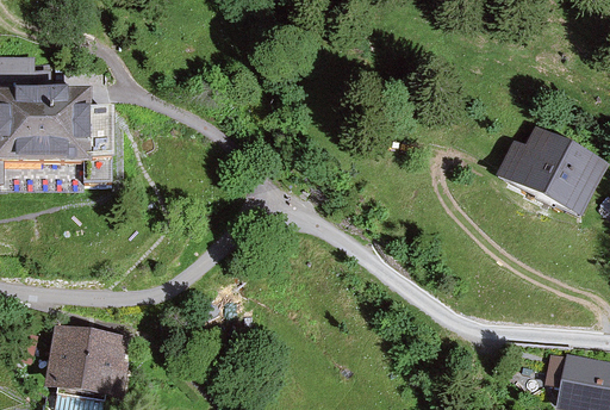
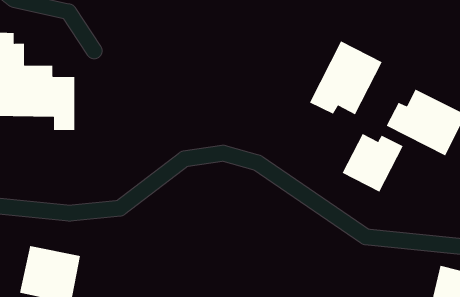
building: none -> [309,40,383,115]
building: none -> [342,133,403,193]

